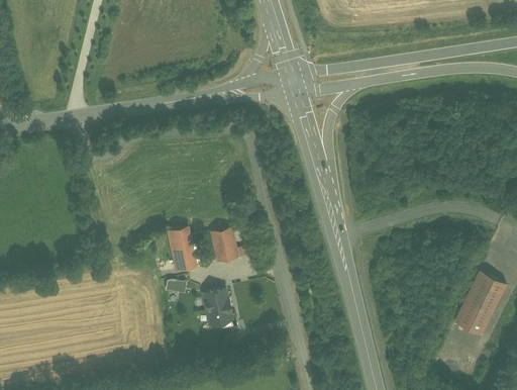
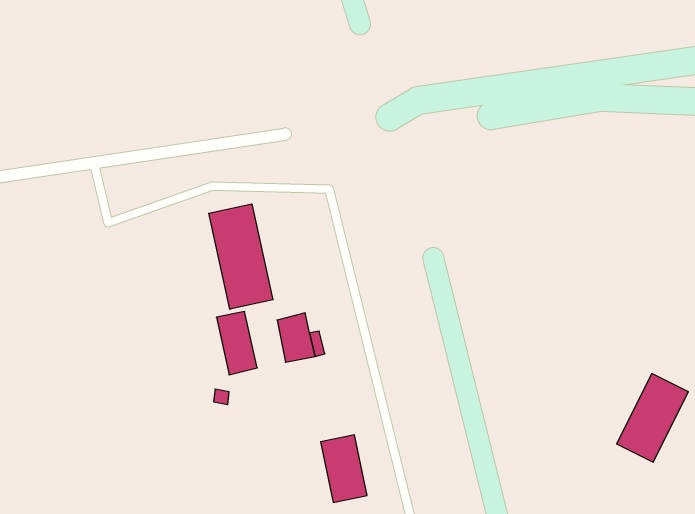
building: none -> [209,204,273,309]
building: [200,284,233,332] -> [321,435,367,502]

